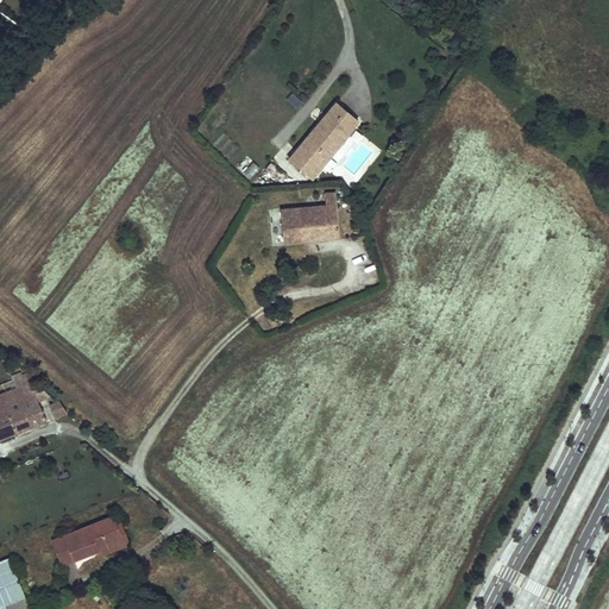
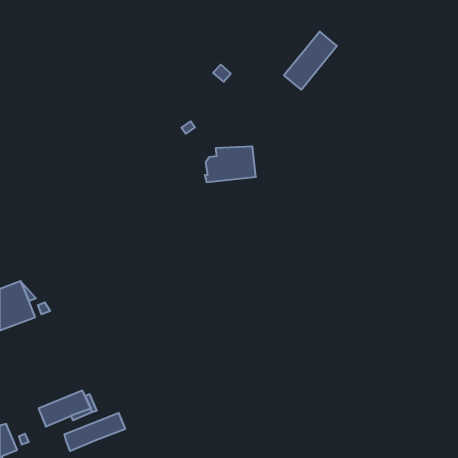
building: [288,102,358,180] -> [284,31,337,90]
building: none -> [65,413,125,451]

